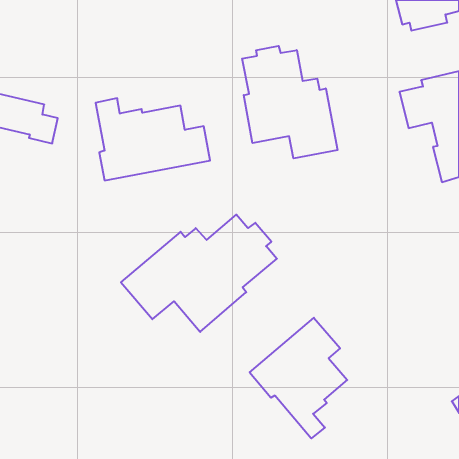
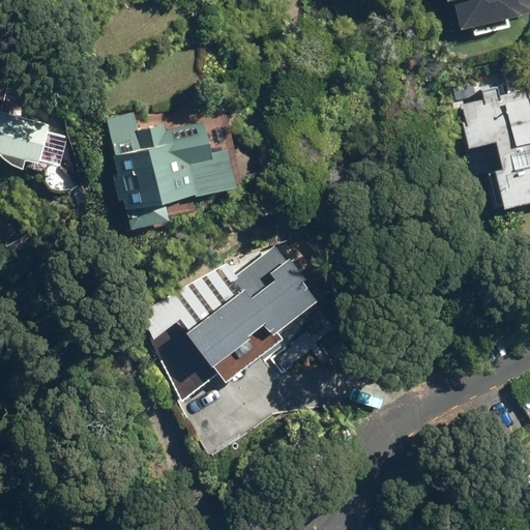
building: [242,46,338,158] -> none
building: [250,318,347,438] -> none

